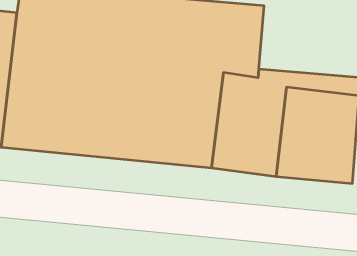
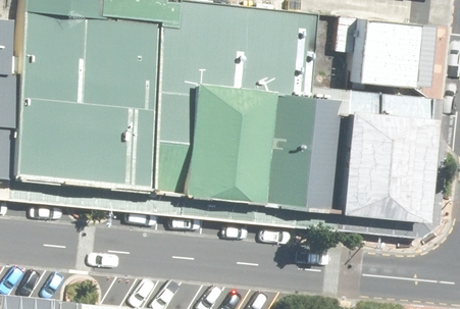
building: none -> [352,19,420,89]

